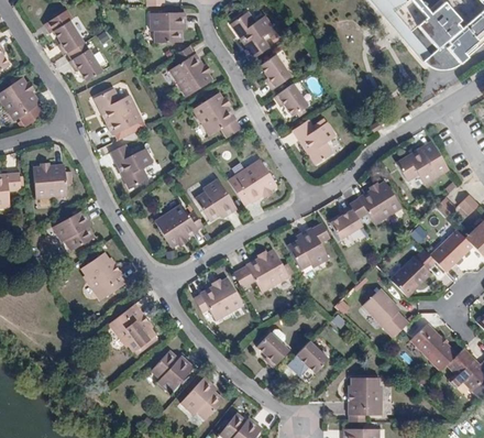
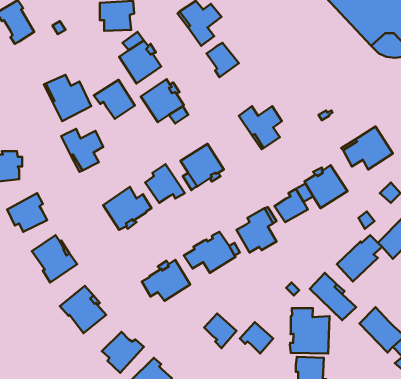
building: [66,43,100,81] -> none
building: [272,81,307,116] -> none
building: none -> [94,80,135,119]
building: none -> [290,308,330,354]

